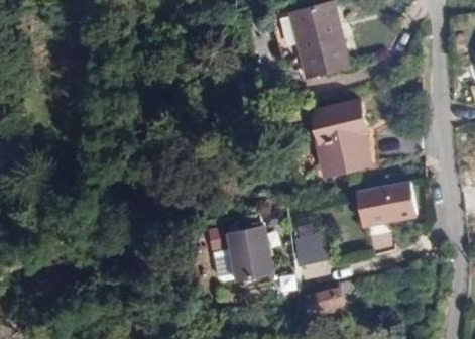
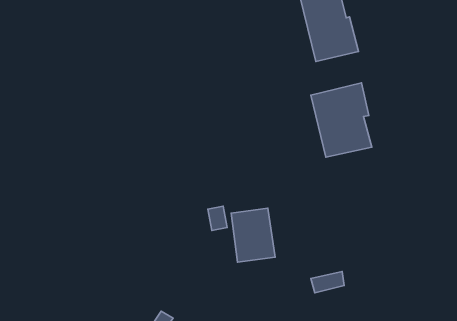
building: [353,181,419,229] -> none
building: [293,222,327,261] -> none

